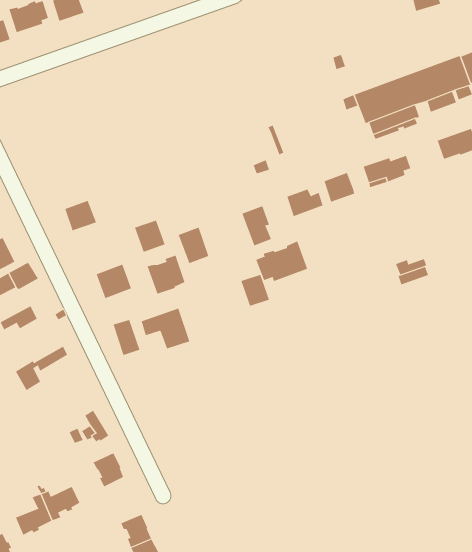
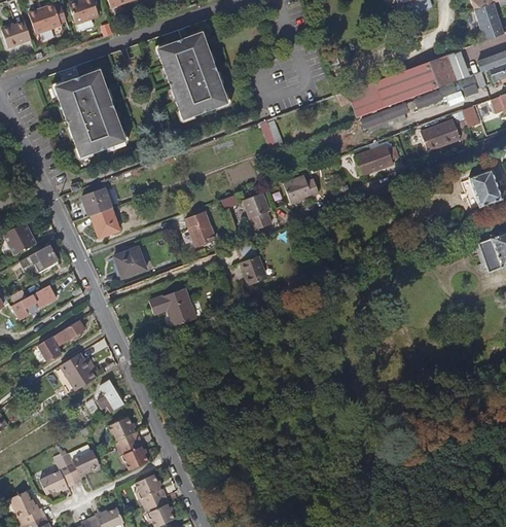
building: none -> [158,32,228,119]
building: none -> [56,70,126,157]
building: [324,172,354,203] -> none
building: [134,220,166,252] -> [91,208,119,238]
building: [255,241,308,282] -> none
building: [147,255,185,294] -> none
building: [113,319,140,356] -> none
building: none -> [60,352,95,390]
building: none -> [117,442,147,472]

